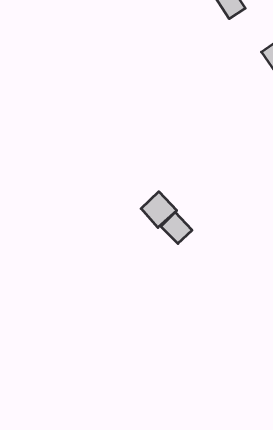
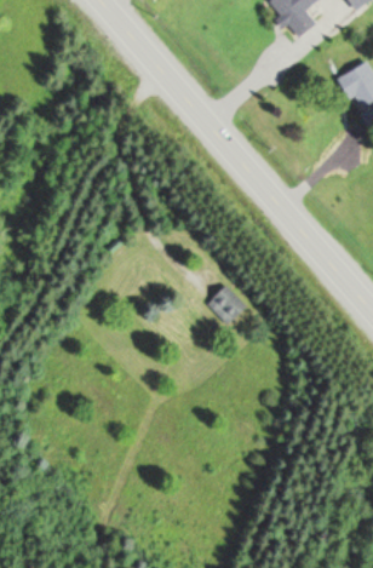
building: [141,192,177,228] -> none

